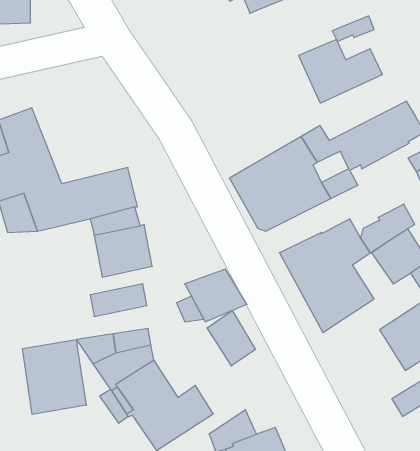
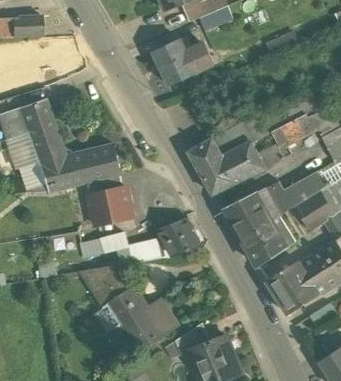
building: [299,39,382,103] -> [152,39,214,86]
building: [207,310,255,366] -> none
building: none -> [266,260,319,314]
building: [23,339,86,414] -> none

